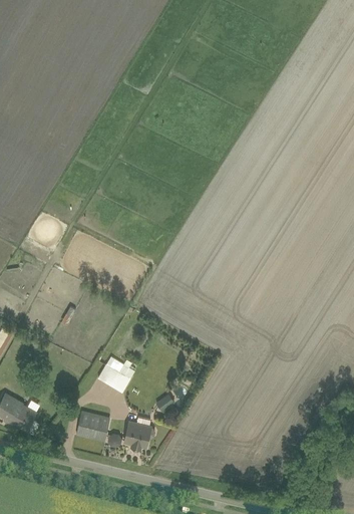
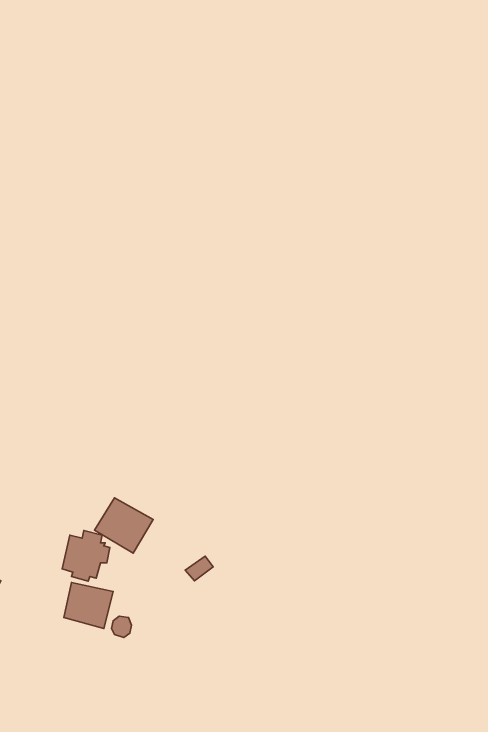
building: [123,417,154,450] -> [62,531,110,581]

